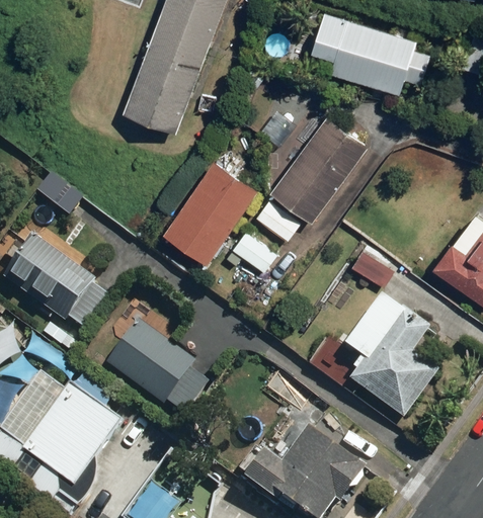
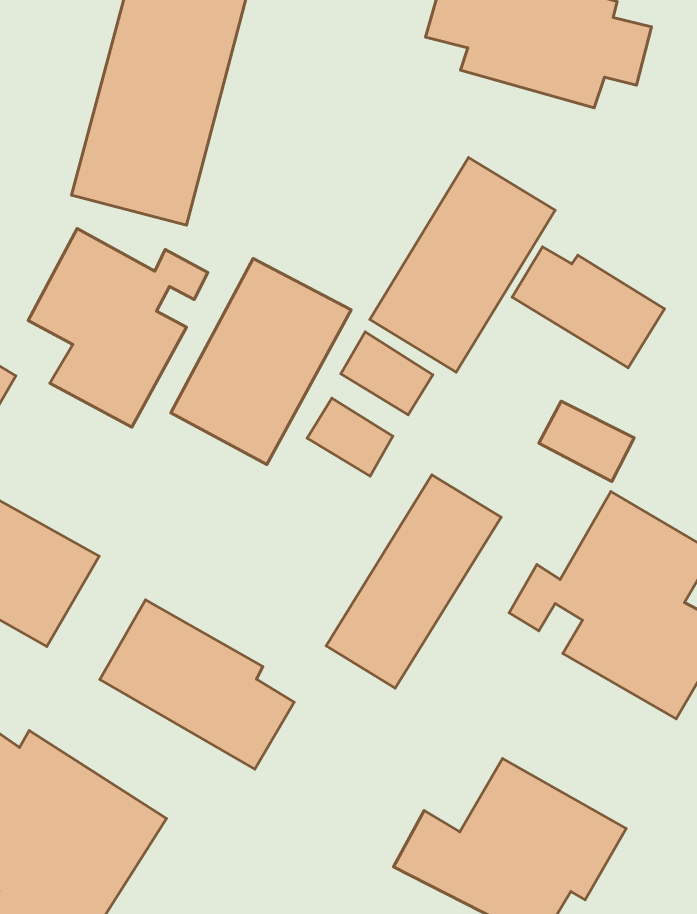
building: none -> [28,229,208,427]
building: none -> [512,247,665,368]
building: none -> [326,475,501,688]

